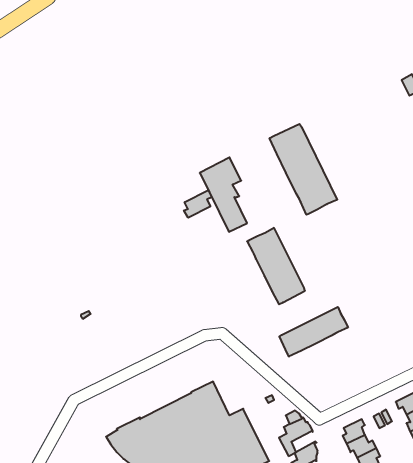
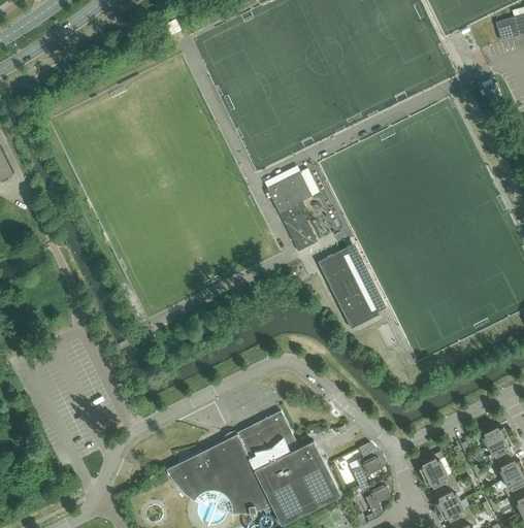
building: [270,124,337,215] -> none
building: [184,190,212,218] -> none
building: [279,307,348,357] -> none

